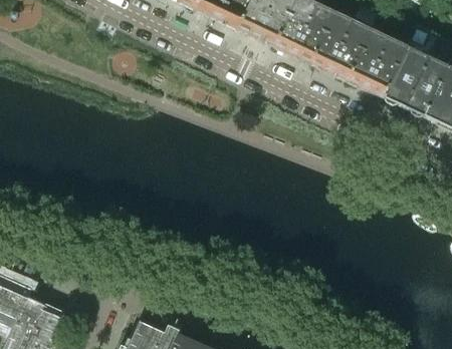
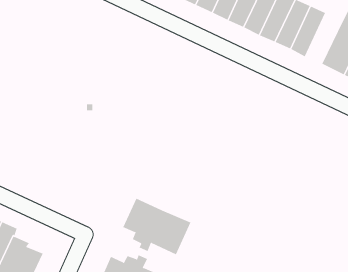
building: [364,38,407,97] -> none
building: none -> [122,198,191,255]

